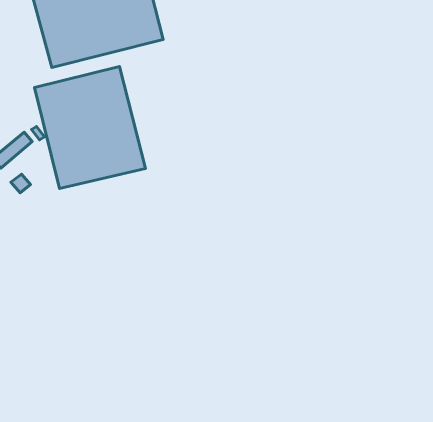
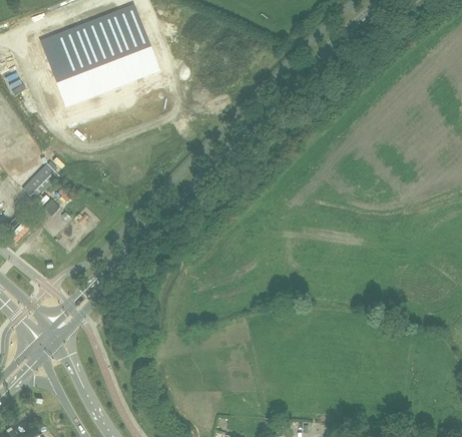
building: [34,67,145,189] -> none

